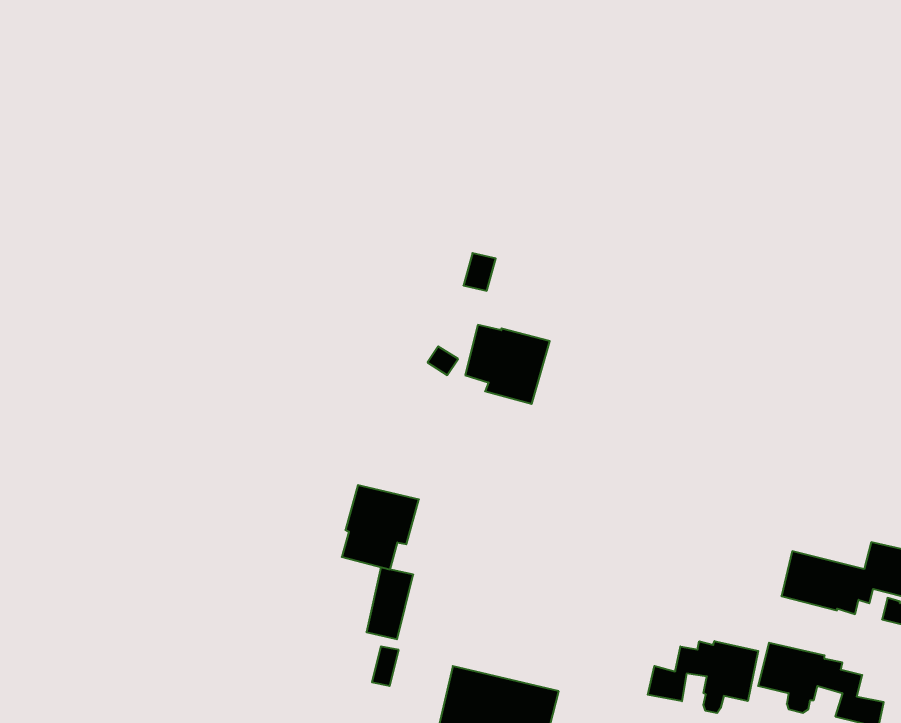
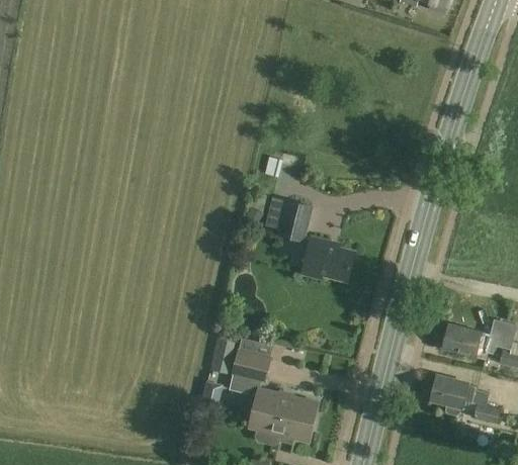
building: none -> [301,237,354,281]
building: [342,485,419,569] -> [229,348,272,395]
building: [648,641,758,713] -> none

